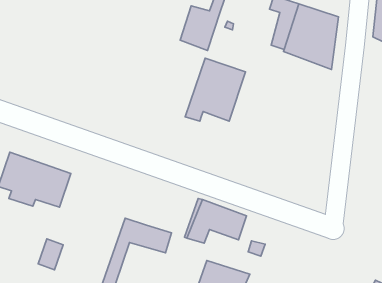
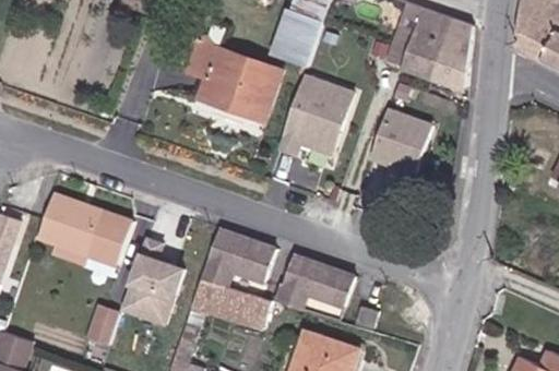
building: none -> [185,35,281,121]
building: none -> [371,110,432,173]
building: none -> [200,229,276,288]
building: none -> [124,244,200,325]

